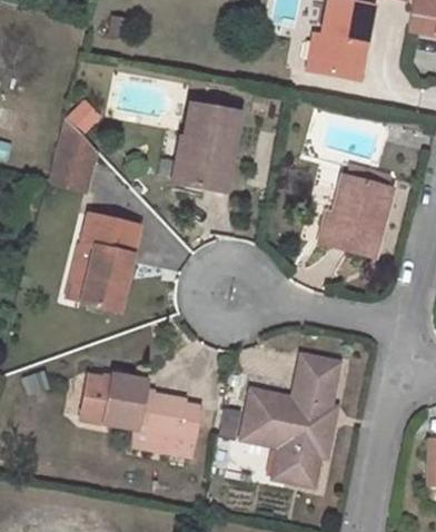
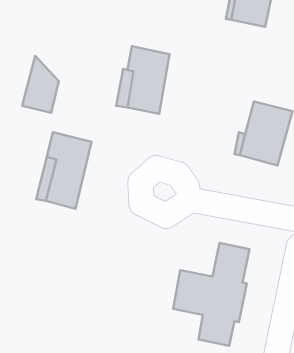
building: [81,373,201,450] -> none

